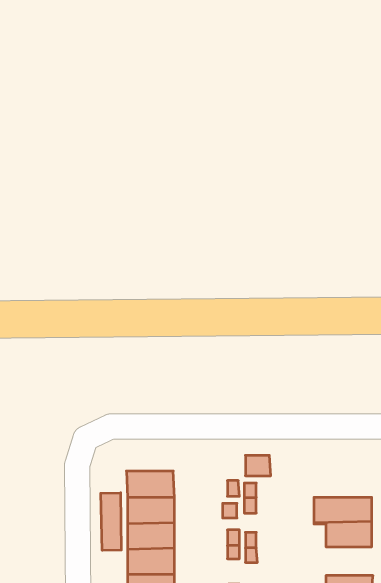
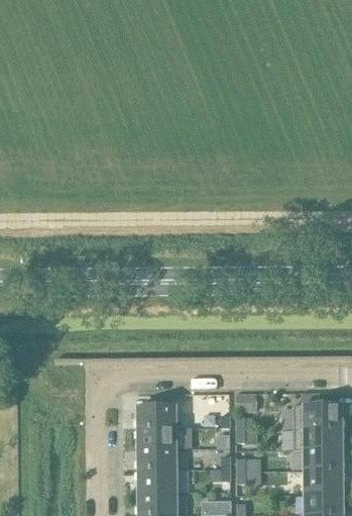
building: none -> [292,406,342,430]
building: [101,493,121,550] -> none
building: none -> [304,472,343,496]

